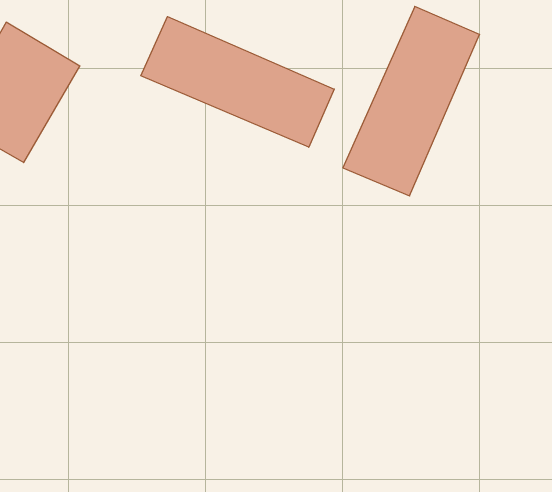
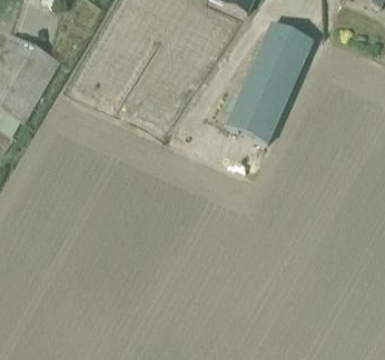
building: [141,17,334,147] -> none

